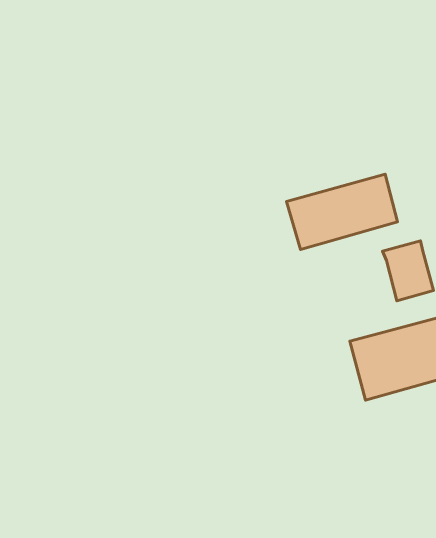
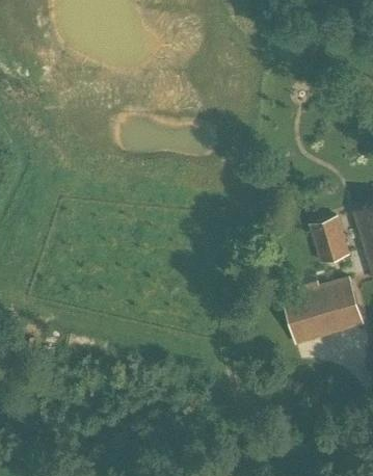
building: [286,174,397,249] -> none

